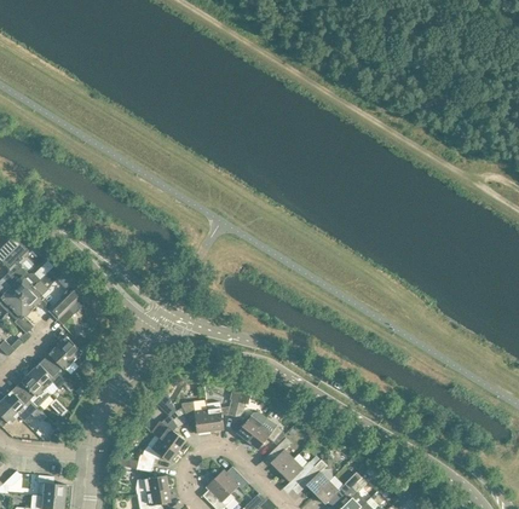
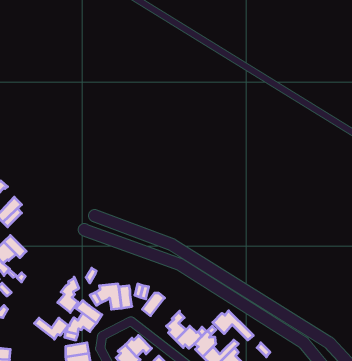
building: none -> [58,277,79,313]
building: [247,418,284,450] -> none
building: none -> [213,311,253,340]
building: none -> [34,318,68,339]

